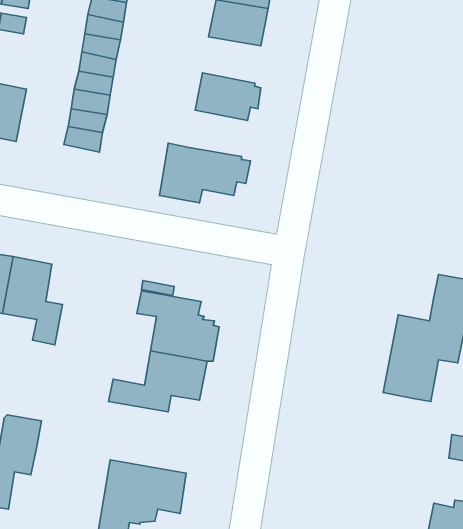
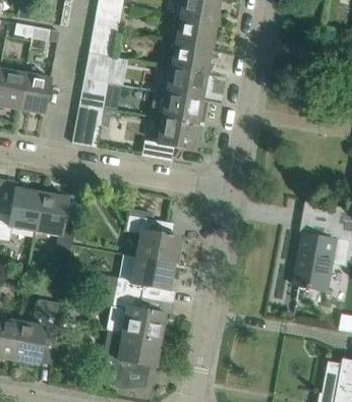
building: none -> [171,42,211,73]
building: none -> [162,92,201,123]
building: none -> [72,115,101,147]
building: none -> [97,288,165,339]

